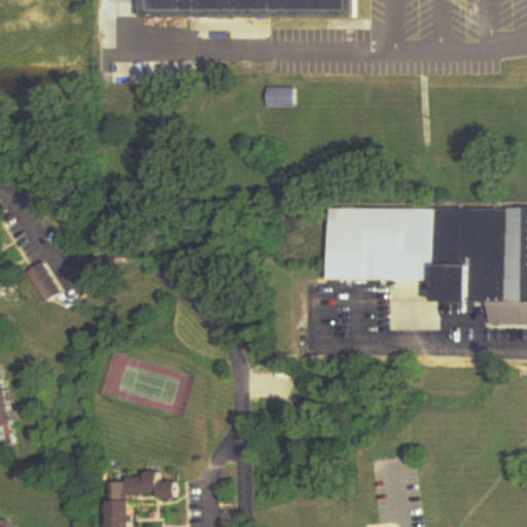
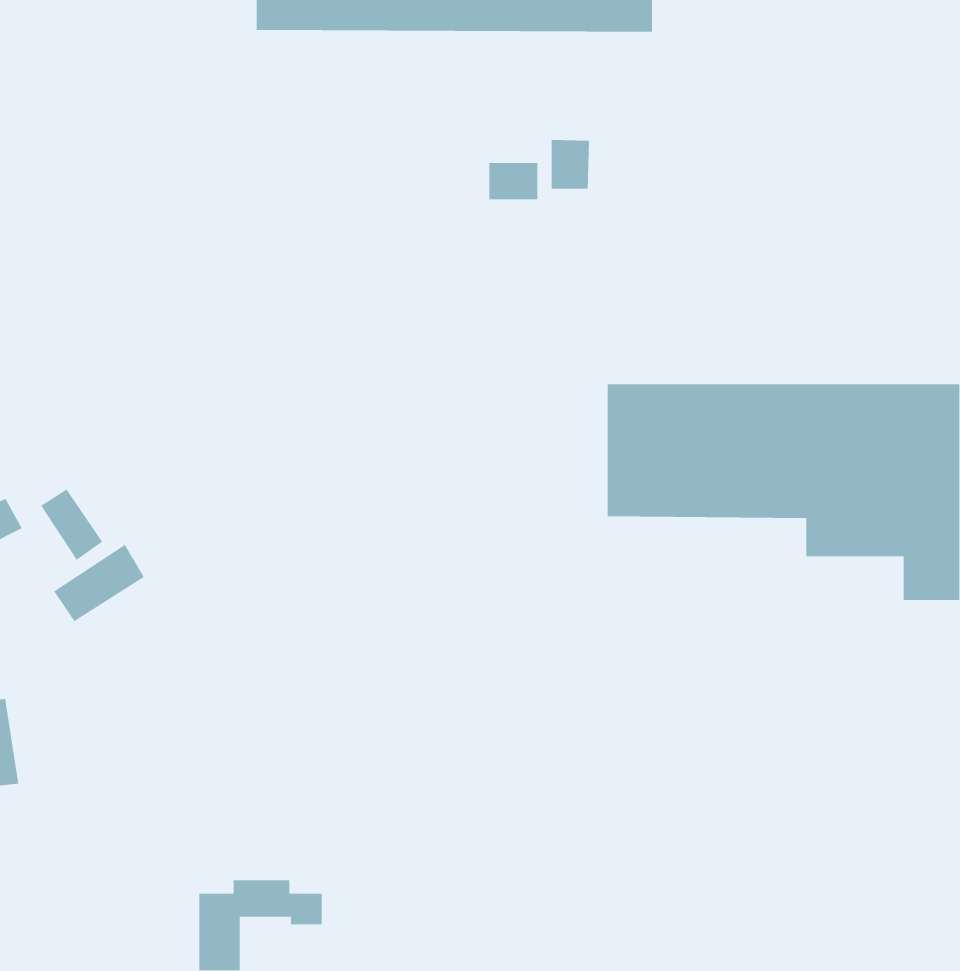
building: none -> [551,139,590,190]
building: none -> [53,544,145,622]

